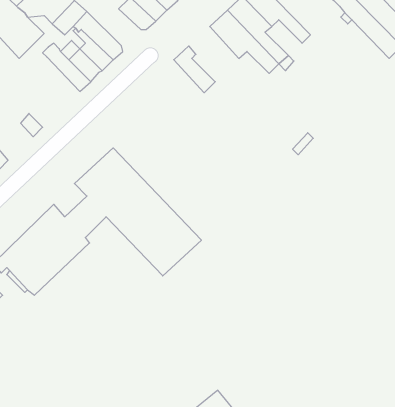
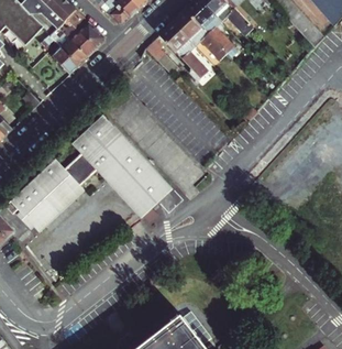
building: none -> [159,22,207,80]

